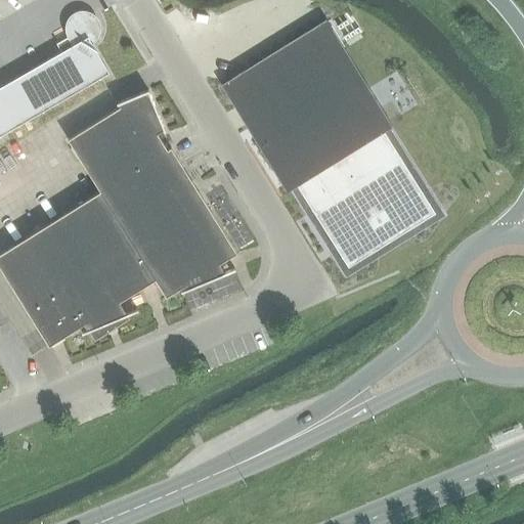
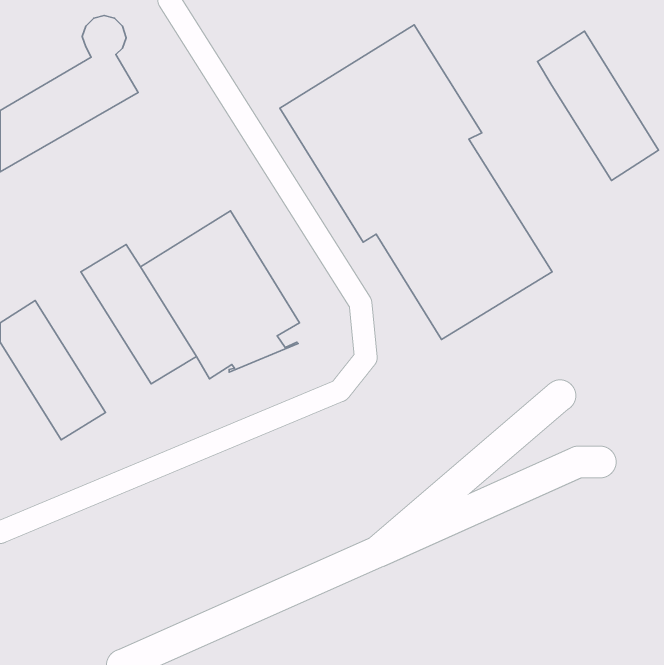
building: none -> [537,31,658,181]
building: [68,90,182,210] -> none
building: [29,214,138,342] -> none

